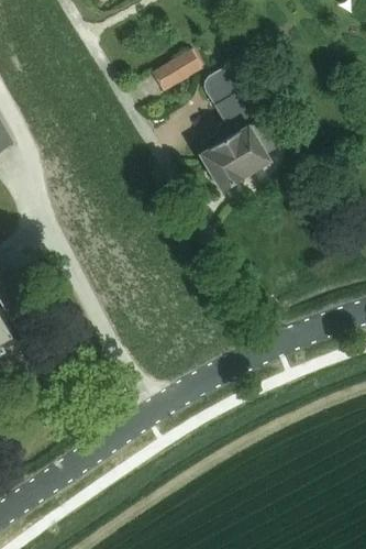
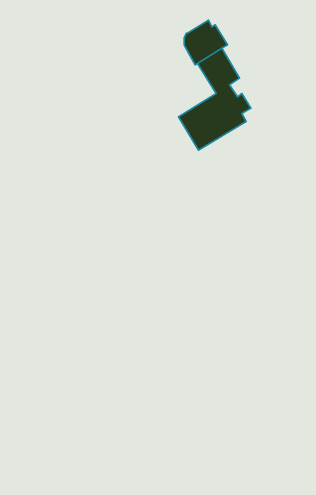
building: [152,47,202,90] -> none

